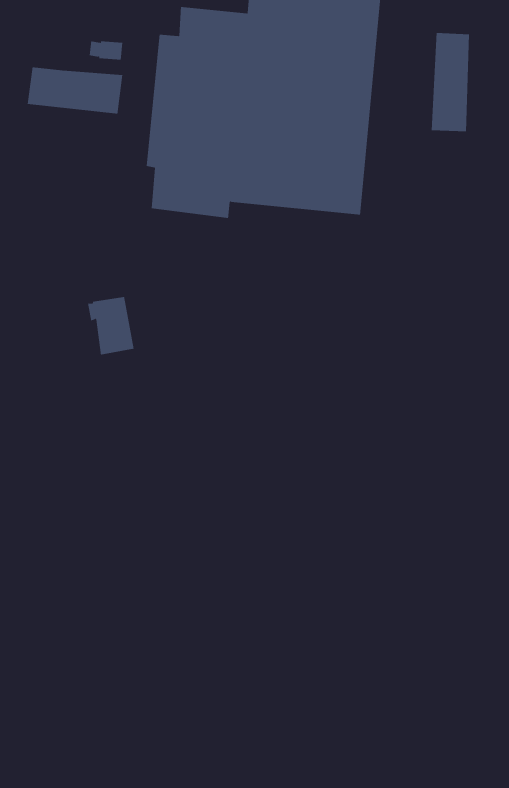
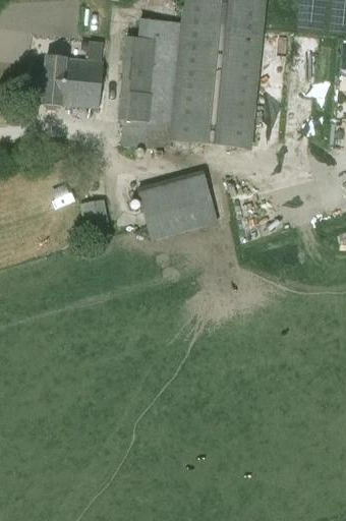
building: none -> [42,78,101,109]
building: none -> [136,169,219,239]

